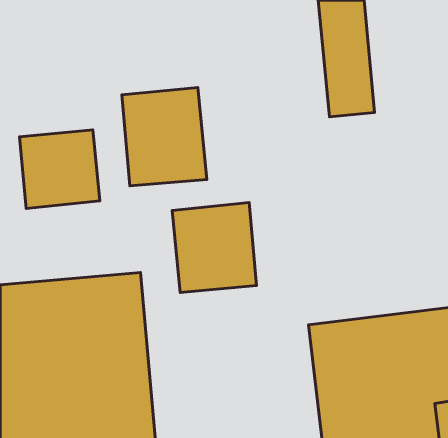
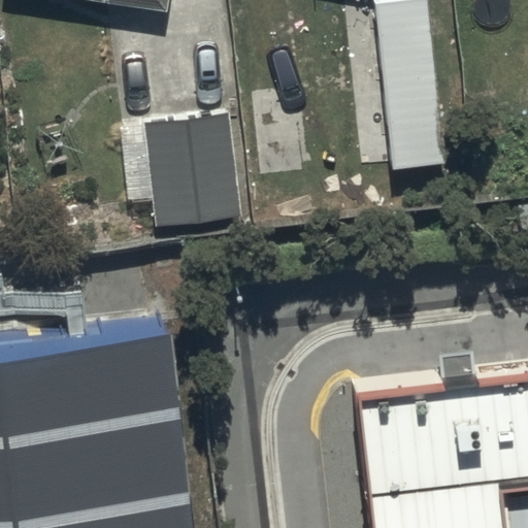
building: [20,130,100,209] -> none
building: [172,203,256,293] -> none

